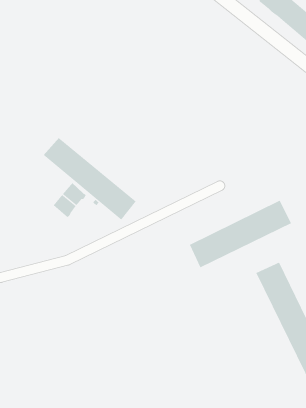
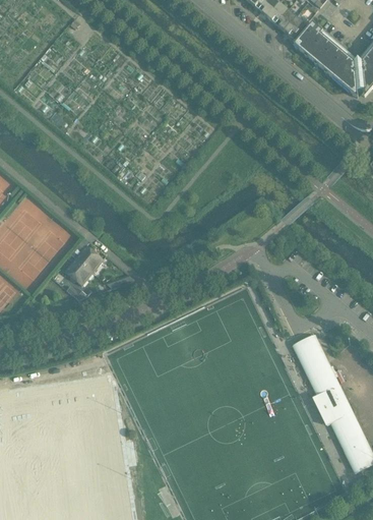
building: [43,137,137,220] -> none
building: [189,200,292,268] -> none

